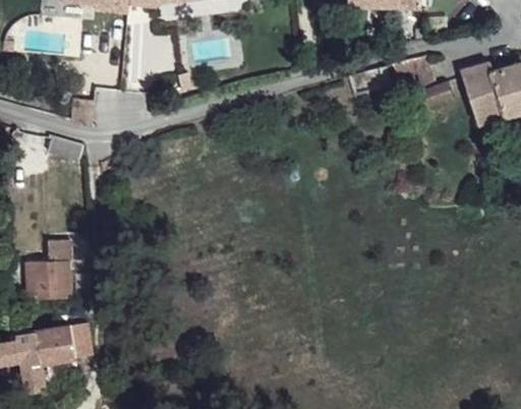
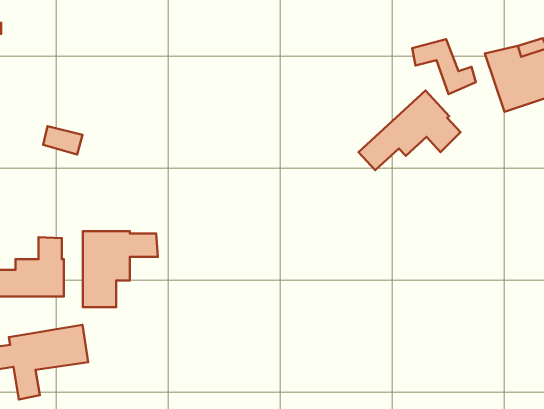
building: none -> [359,90,460,170]
building: none -> [83,231,158,307]

